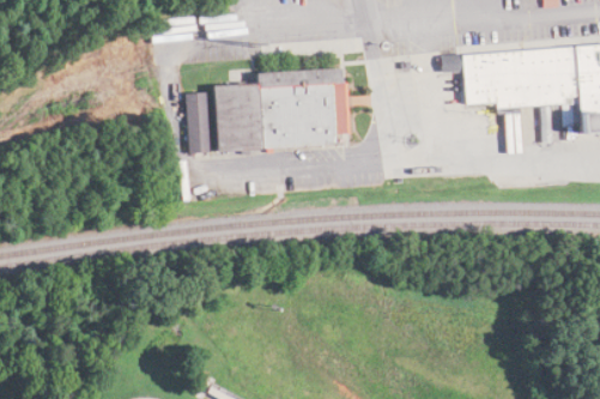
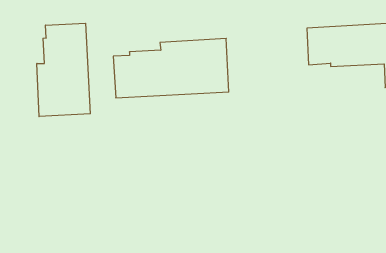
building: none -> [37,23,90,117]

